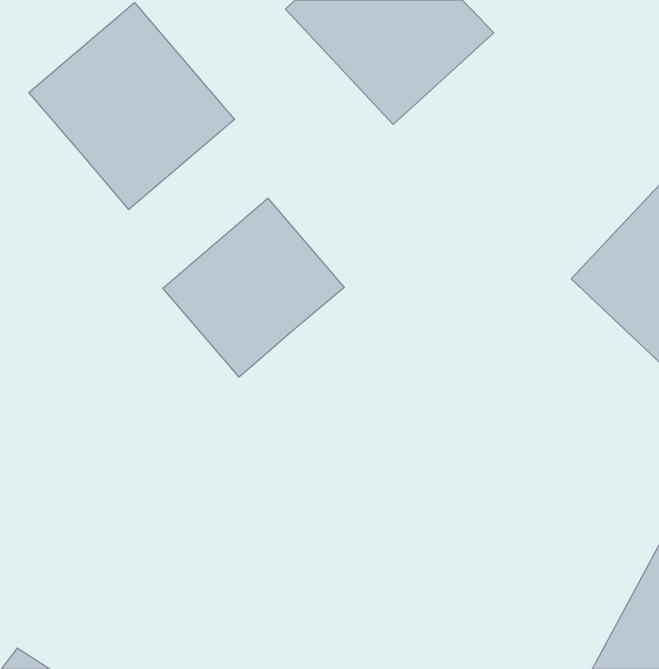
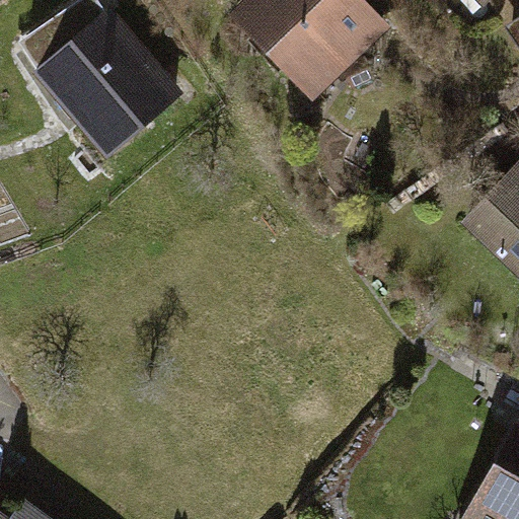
building: [163,198,344,377] -> none

